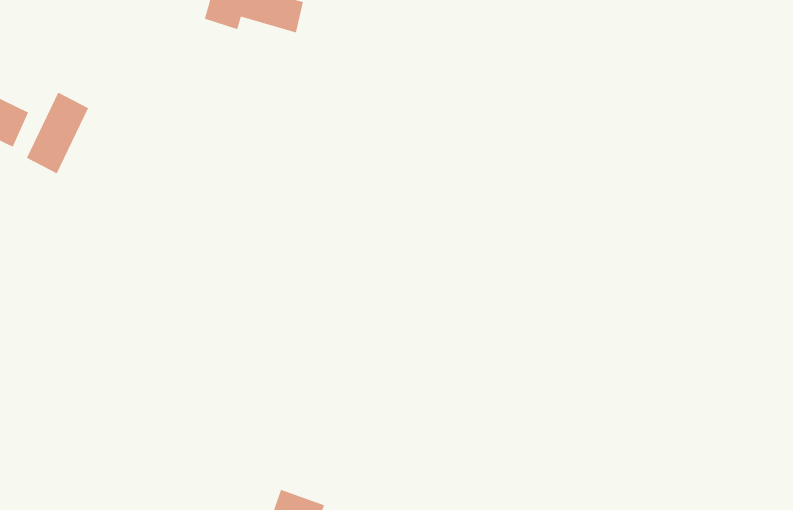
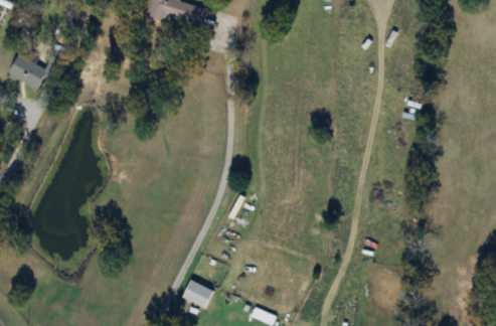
building: [26,91,89,175] -> none

